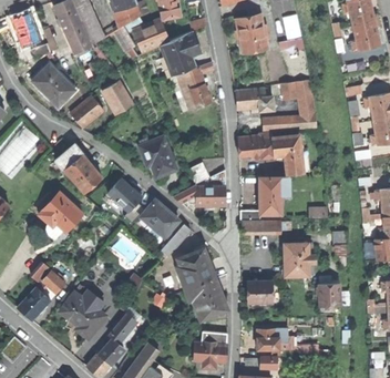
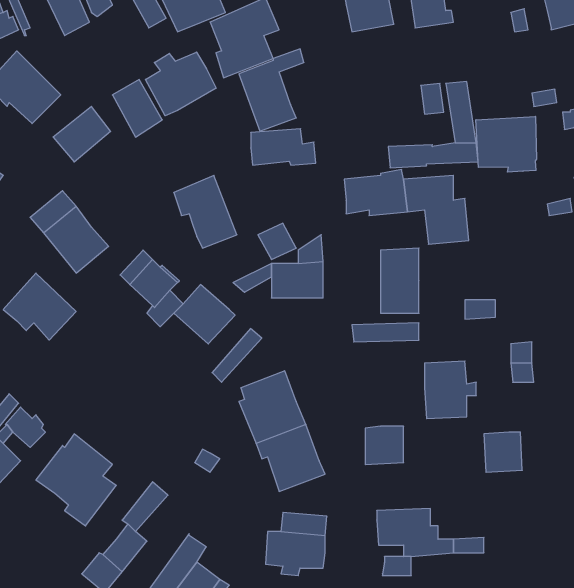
building: none -> [145,52,216,116]
building: [236,89,274,110] -> [251,129,316,165]
building: none -> [476,116,537,172]

